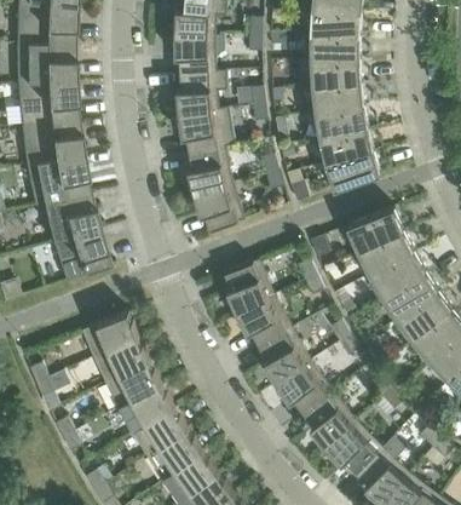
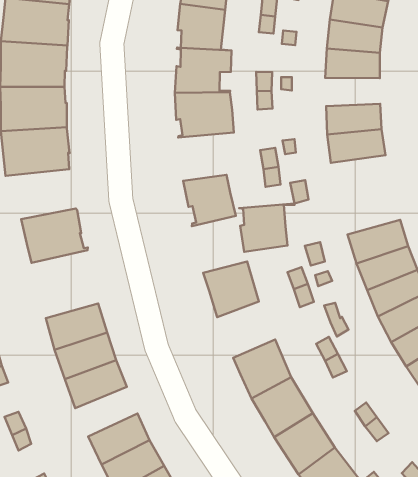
building: [312,81,364,111] -> none
building: [185,144,235,193] -> [239,203,295,252]
building: [325,150,381,189] -> none
building: [33,193,99,242] -> none
building: [237,294,292,348] -> none
building: [117,384,174,432] -> none

